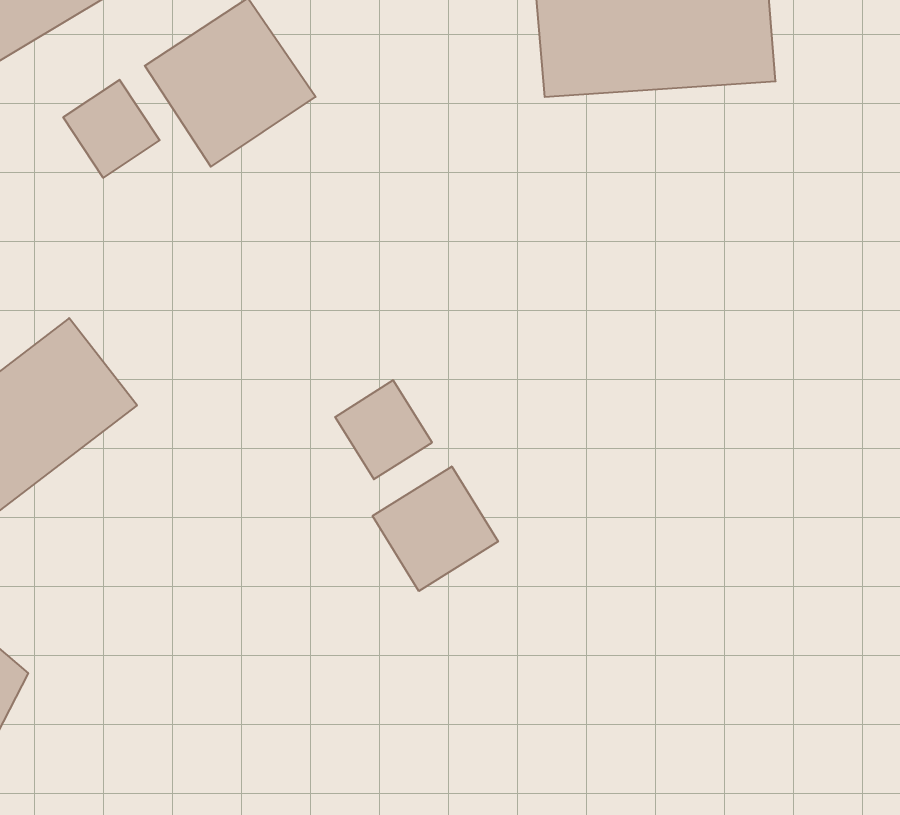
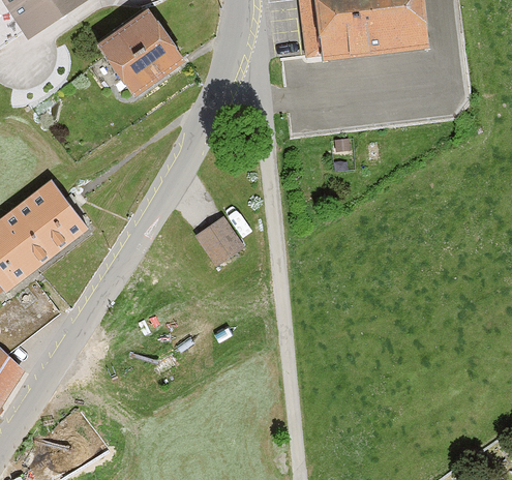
building: [63,80,160,178] -> none
building: [373,466,498,591] -> none

